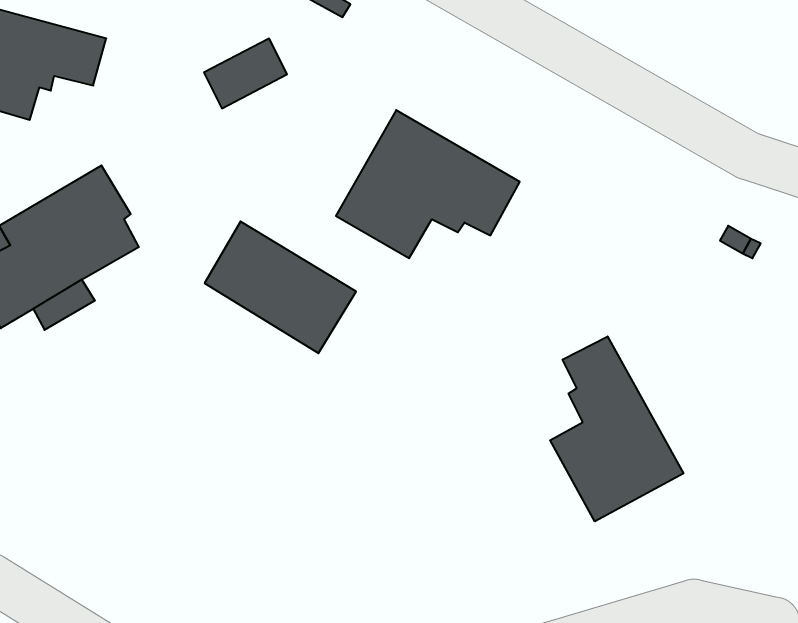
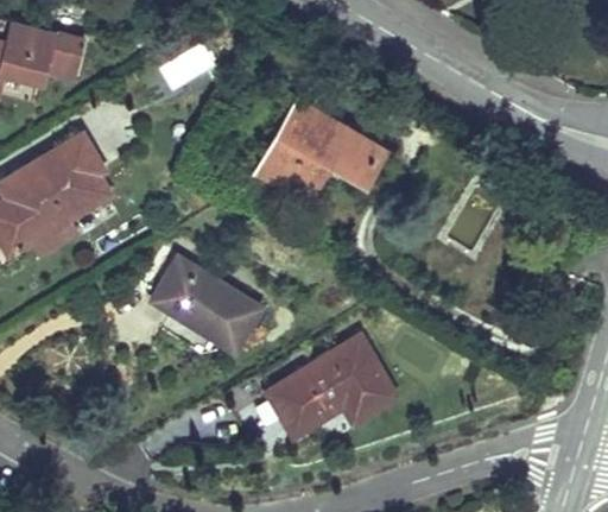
building: [205,221,356,353] -> [153,255,264,352]
building: [550,336,683,521] -> none
building: none -> [233,336,394,440]

